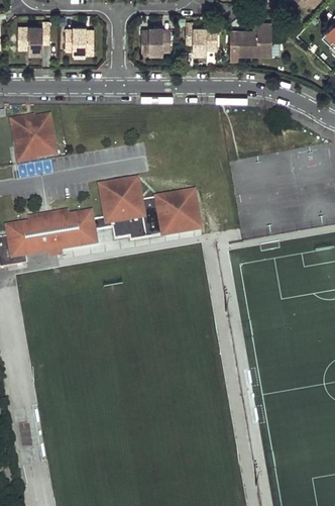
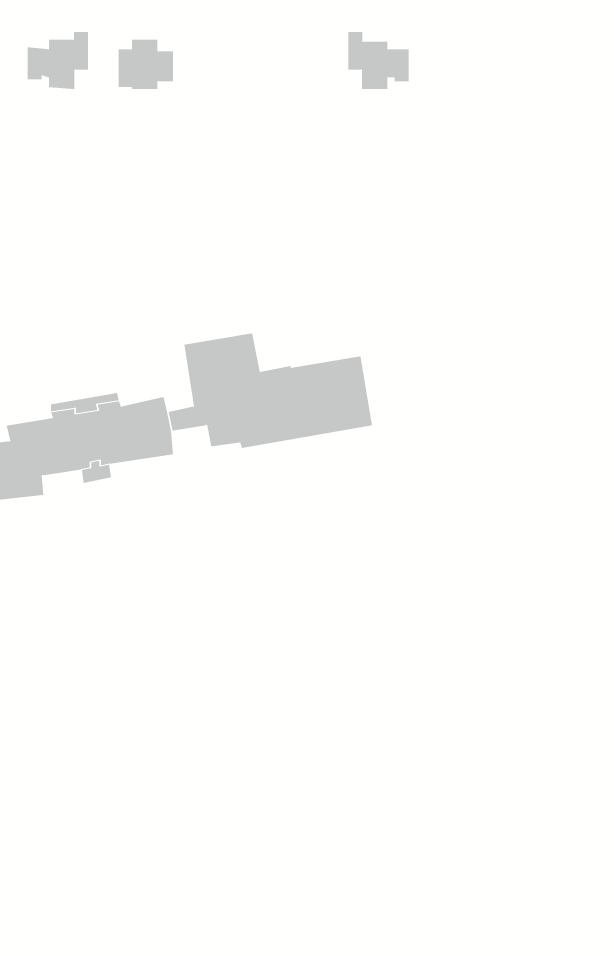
building: [237,22,271,54] -> none
building: [140,25,170,52] -> none
building: [11,116,54,159] -> none

